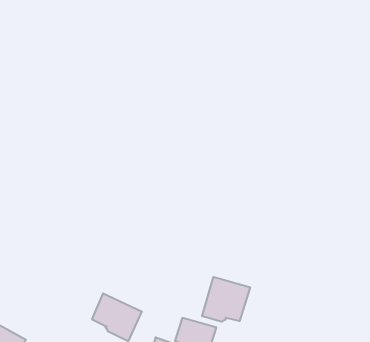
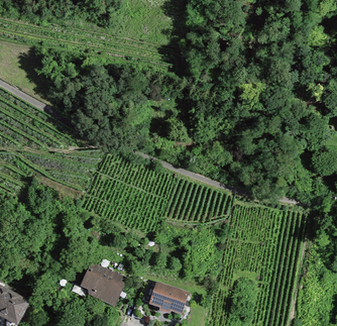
building: [202,277,250,322] -> none

